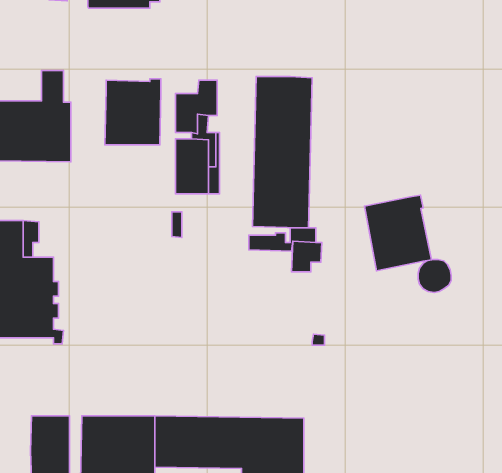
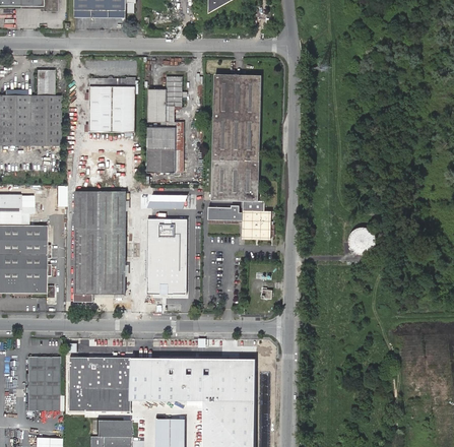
building: [364,195,432,271] -> none
building: none -> [73,191,125,302]
building: none -> [146,218,186,296]

